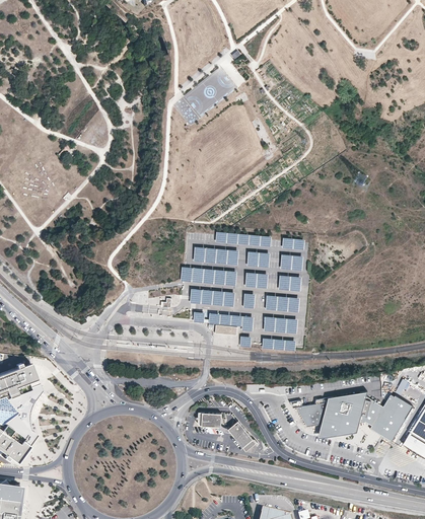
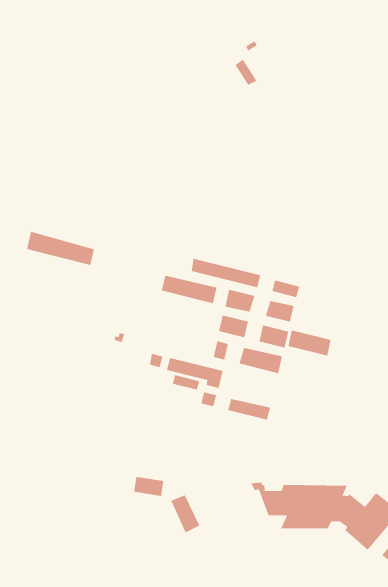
building: [182,266,236,286] -> [26,231,95,266]
building: [190,289,235,307] -> none
building: [263,317,297,335] -> [287,329,332,357]

